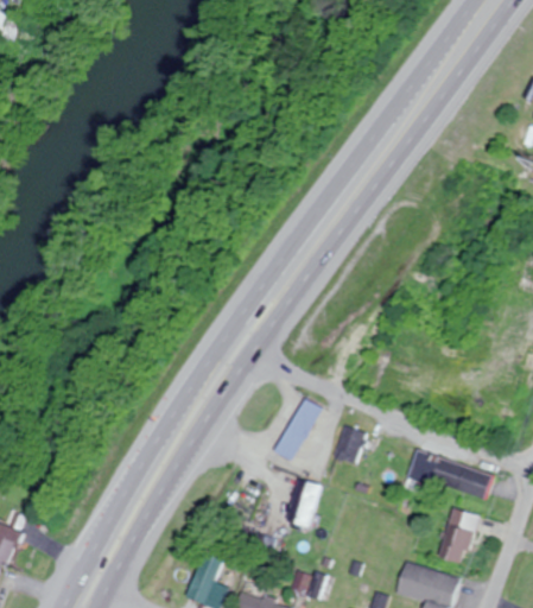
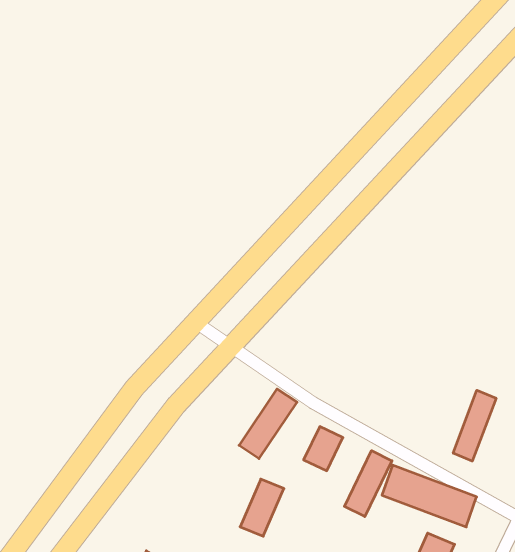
building: none -> [453,390,496,461]
building: none -> [344,451,392,517]

